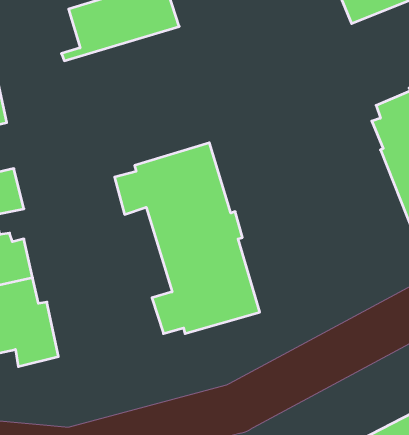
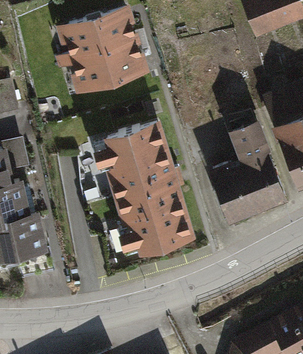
building: none -> [56,39,145,92]
building: none -> [210,120,287,221]

